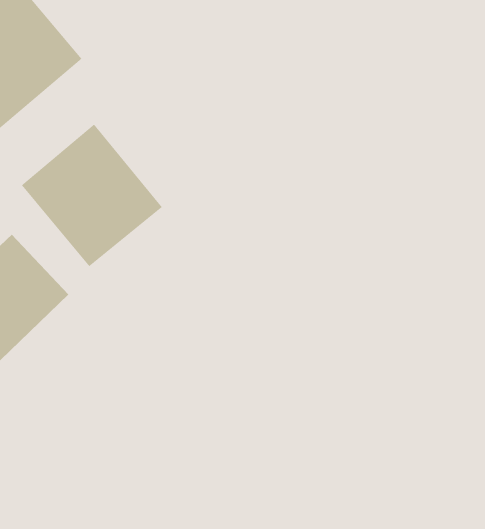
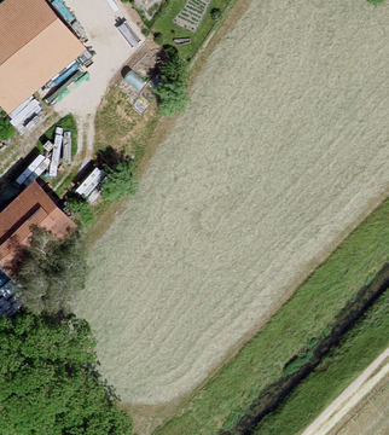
building: [21,123,163,267] -> none

